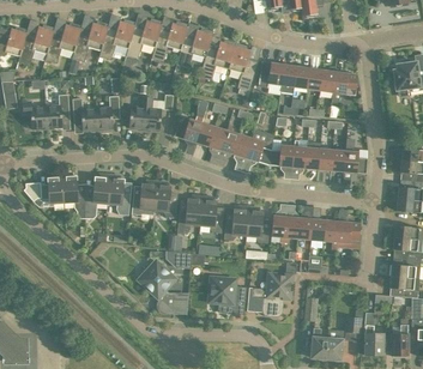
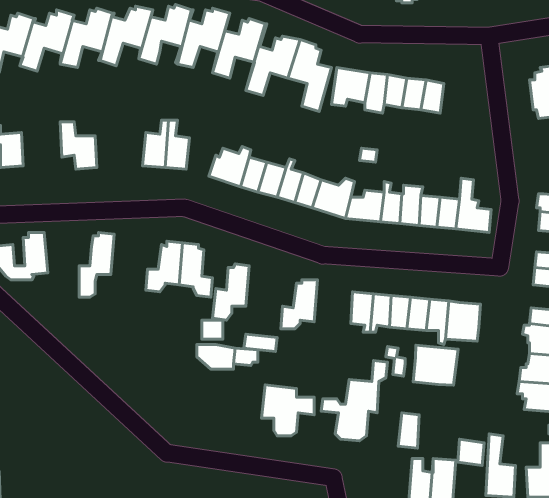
building: [330,72,357,105] -> none
building: [46,95,70,128] -> none
building: [96,96,120,129] -> none
building: [61,173,85,218] -> none
building: [107,175,129,214] -> none
building: [199,196,222,232] -> none
building: [246,206,267,243] -> none
building: none -> [413,345,458,385]
building: [141,262,174,311] -> none

